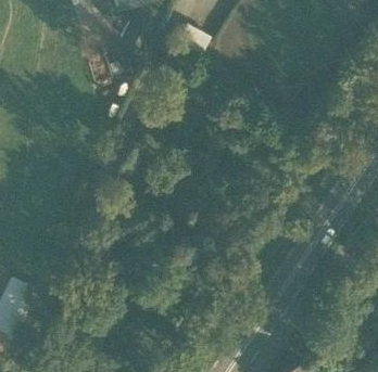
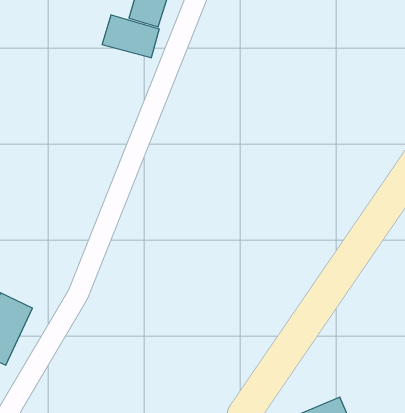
building: none -> [102,15,159,58]

